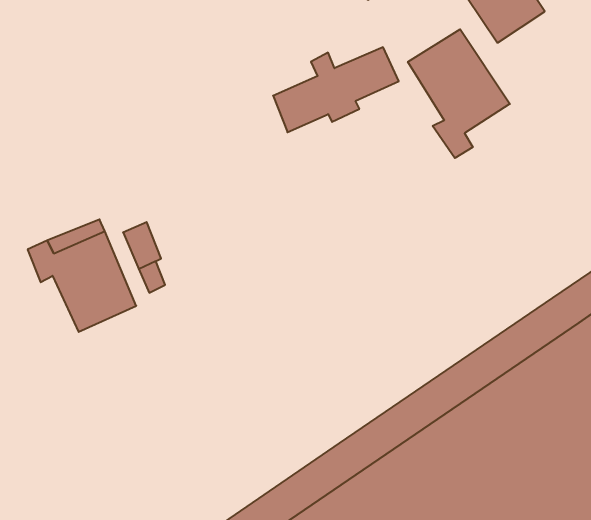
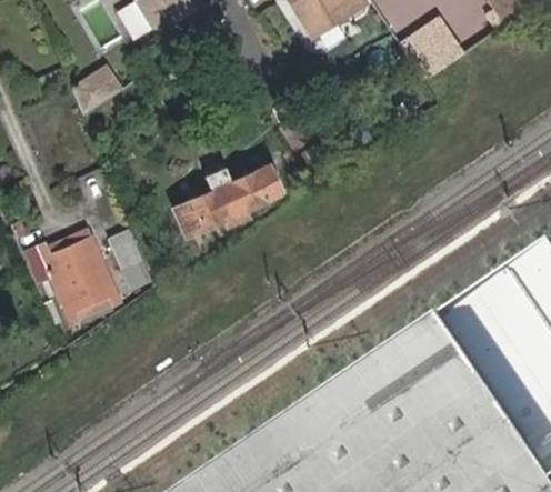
building: [408,29,510,158] -> none
building: none -> [68,66,117,114]
building: [273,47,399,132] -> [172,163,279,235]

